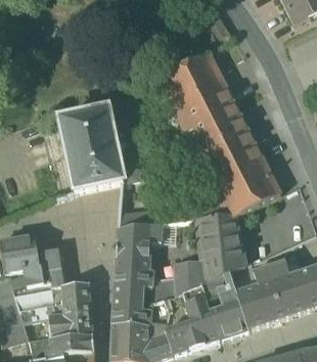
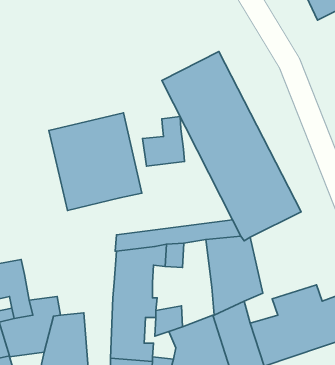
building: none -> [142,117,184,166]
building: [36,244,64,271] -> none
building: [173,260,202,295] -> none
building: [229,262,259,291] -> none

